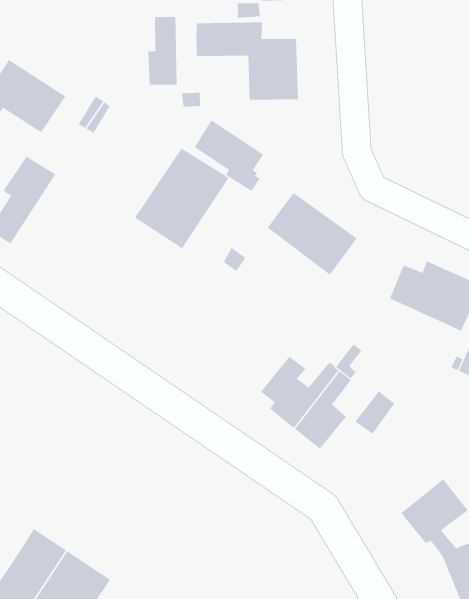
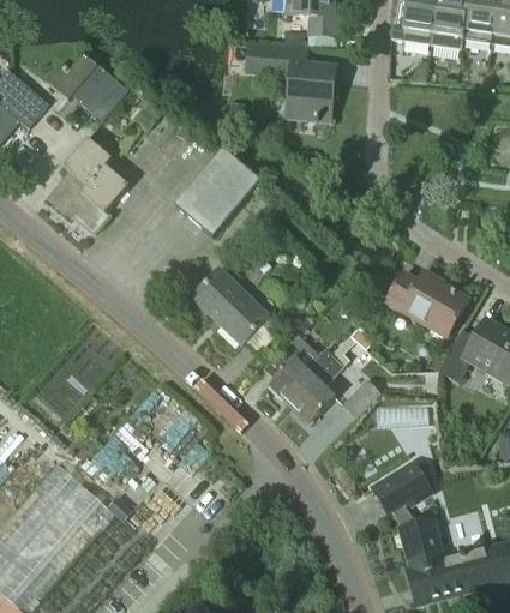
building: [148,16,177,86] -> none
building: [194,120,264,192] -> none
building: none -> [65,157,128,234]
building: [267,192,357,275] -> [192,268,269,343]

